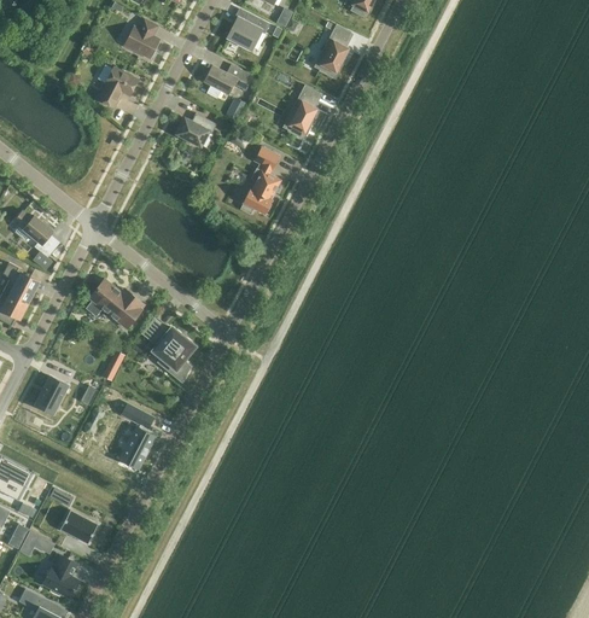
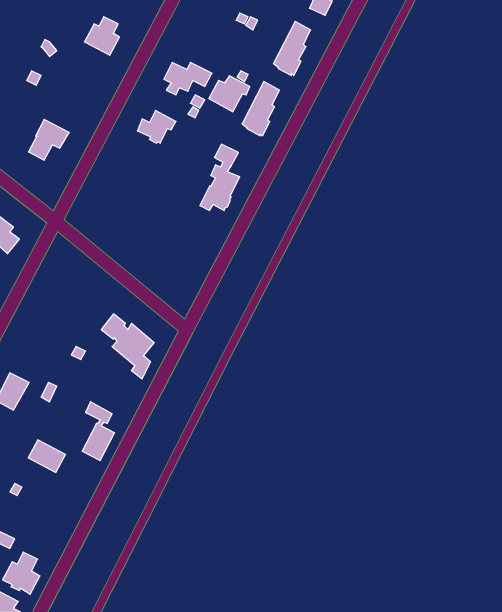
building: [227,13,268,49] -> [209,76,250,112]
building: [98,66,139,107] -> [28,119,69,160]
building: [87,279,144,328] -> none
building: [60,511,98,543] -> [28,440,66,472]

